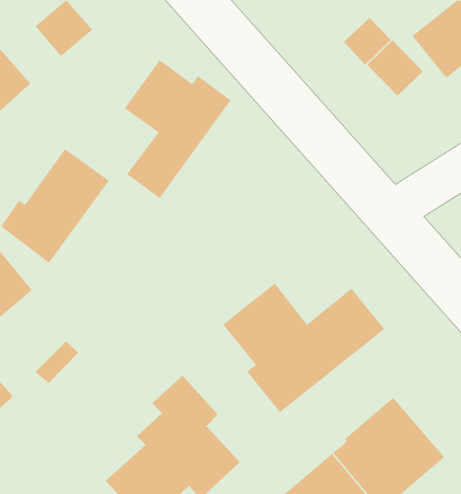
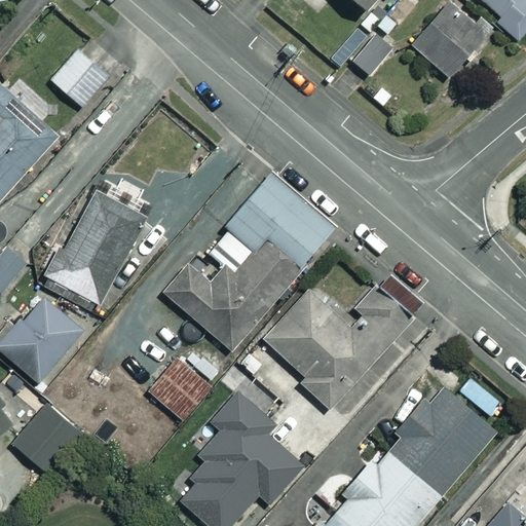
building: [367,40,423,97] -> none
building: [124,59,232,199] -> none
building: none -> [167,172,341,353]
building: none -> [148,355,212,420]

